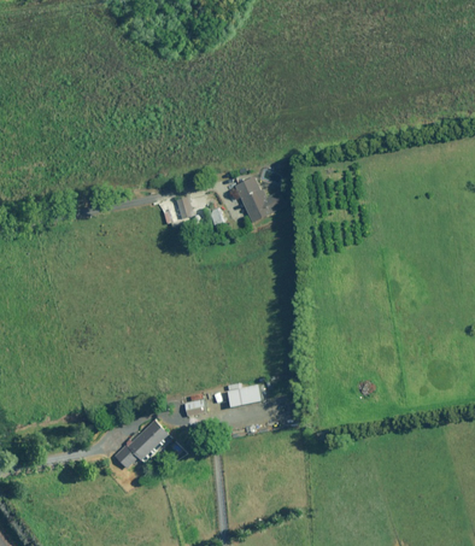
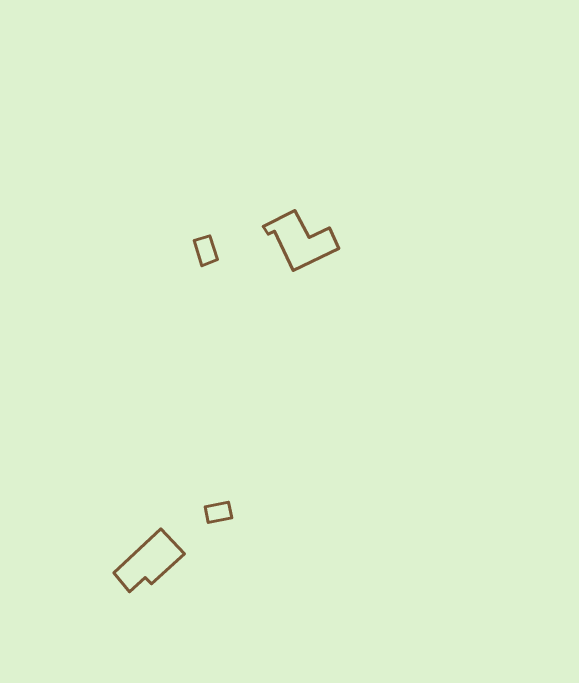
building: [229,383,262,406] -> none

